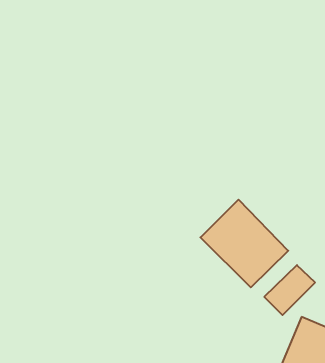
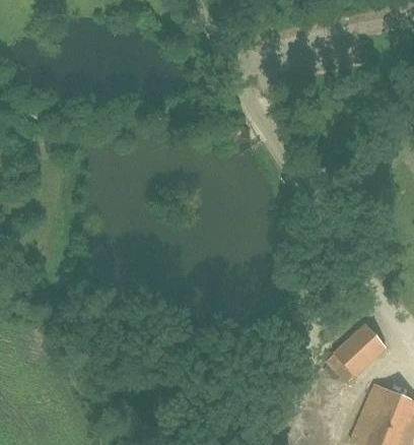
building: [200,200,288,287] -> none

